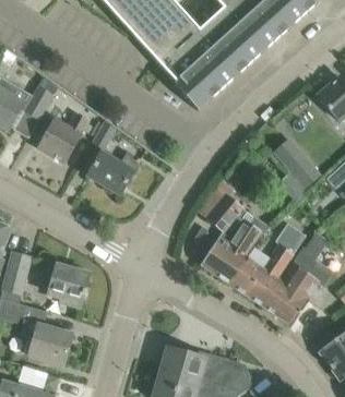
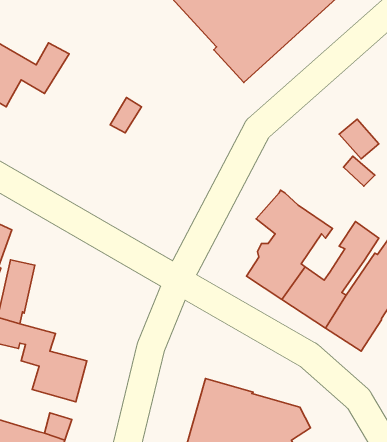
building: [38,113,87,161] -> none
building: [86,151,140,193] -> none
building: [48,264,88,305] -> none

